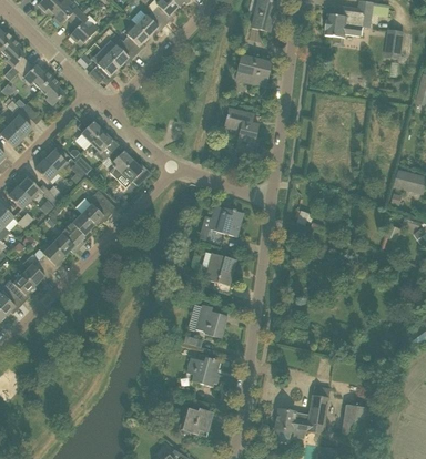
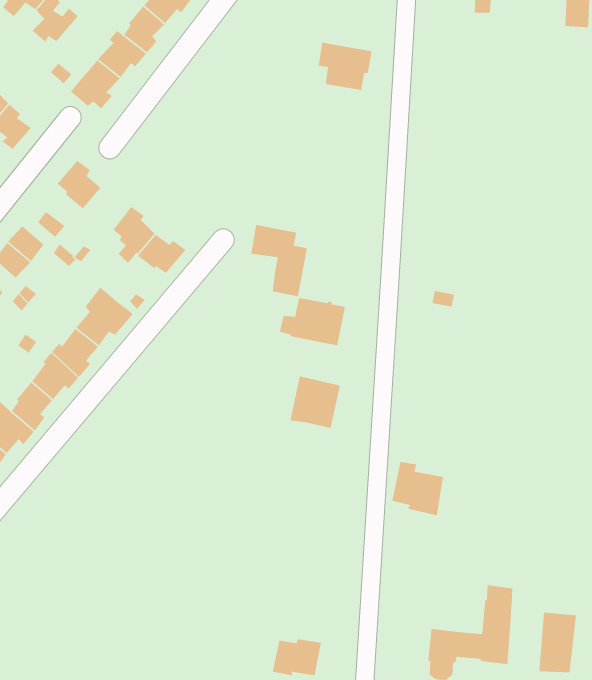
building: [224,108,258,153] -> [250,224,308,297]
building: [91,131,120,161] -> none
building: [195,304,227,338] -> [392,461,444,516]
building: [186,356,220,386] -> none

